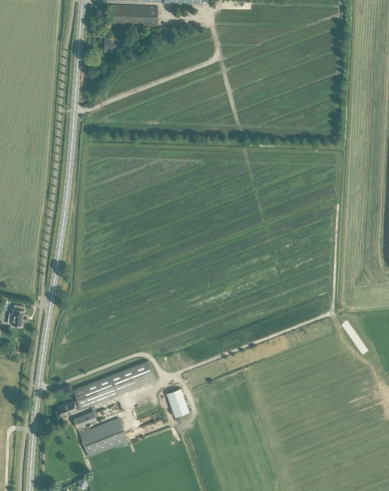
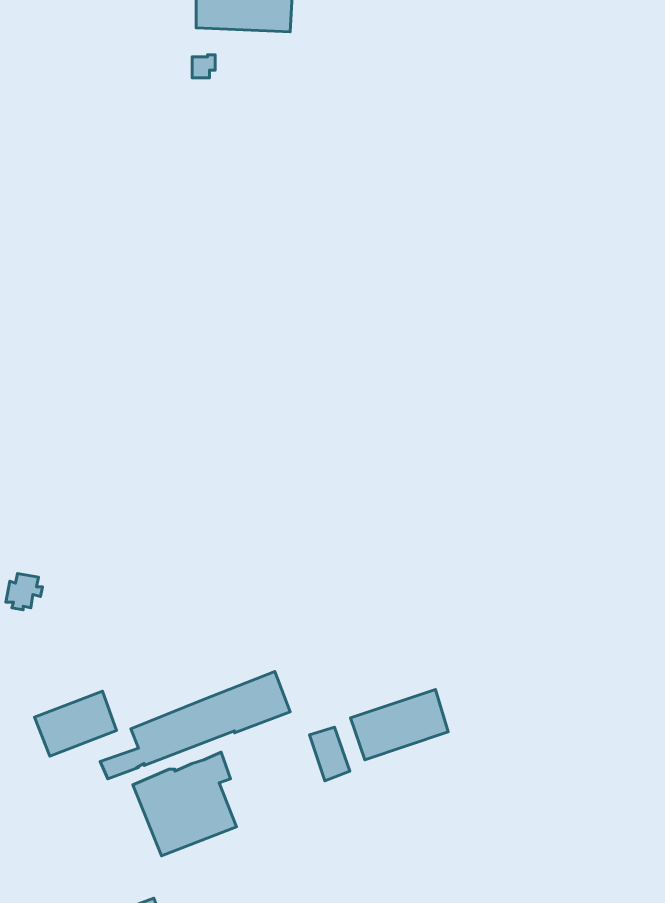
building: none -> [350,689,448,760]
building: none -> [35,691,117,756]

